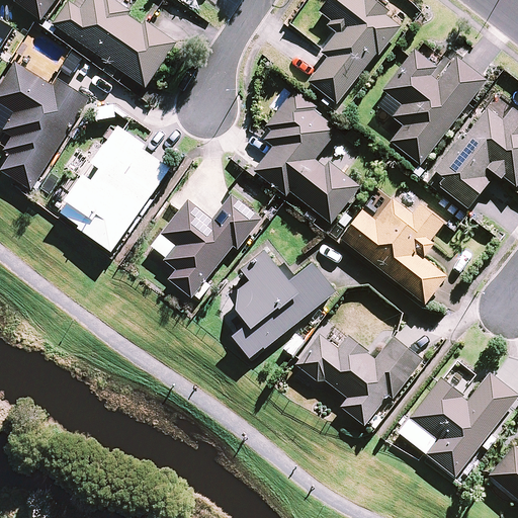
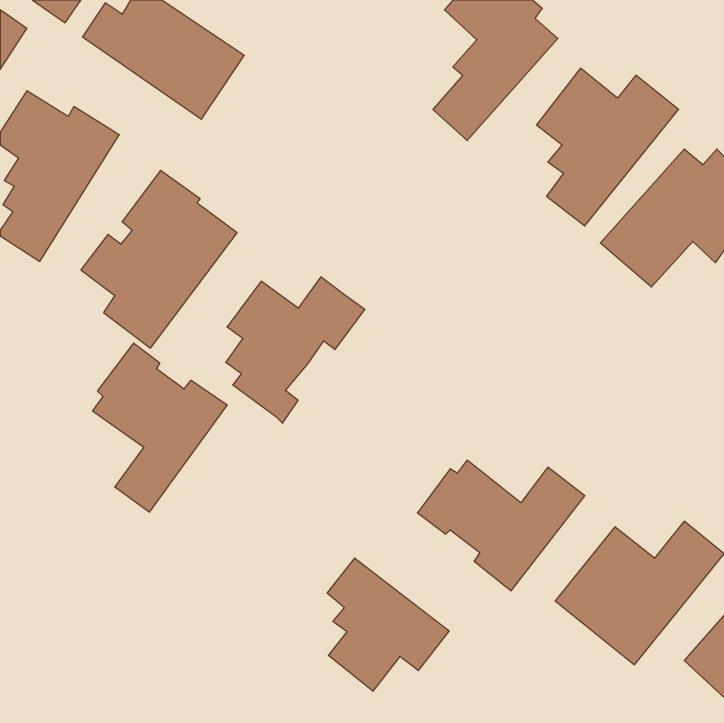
building: [255,90,359,224] -> none
building: [340,197,445,303] -> none
building: none -> [93,343,227,512]
building: [225,253,336,357] -> none
building: none -> [327,558,449,691]

